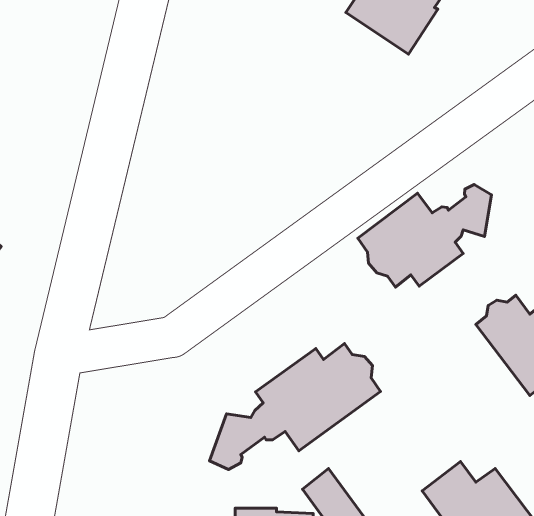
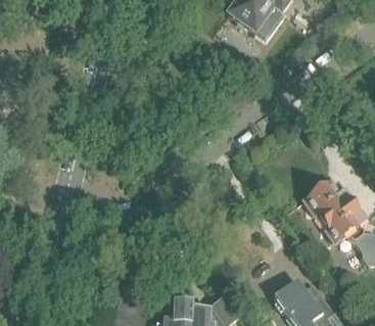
building: [358,185,491,287] -> none
building: [210,343,380,469] -> none

